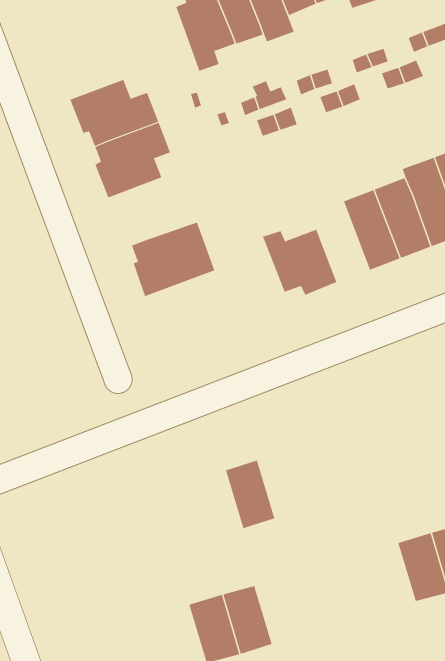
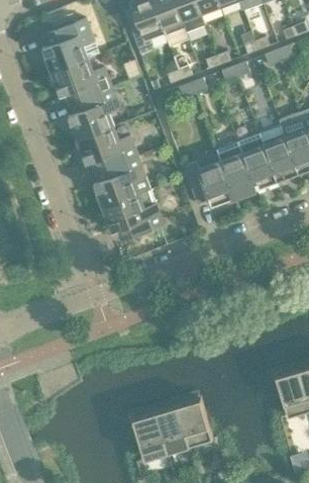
building: none -> [40,18,98,72]
building: none -> [76,125,137,172]
building: none -> [215,141,255,197]
building: none -> [101,189,163,240]
building: [225,460,275,529] -> [177,398,211,446]

